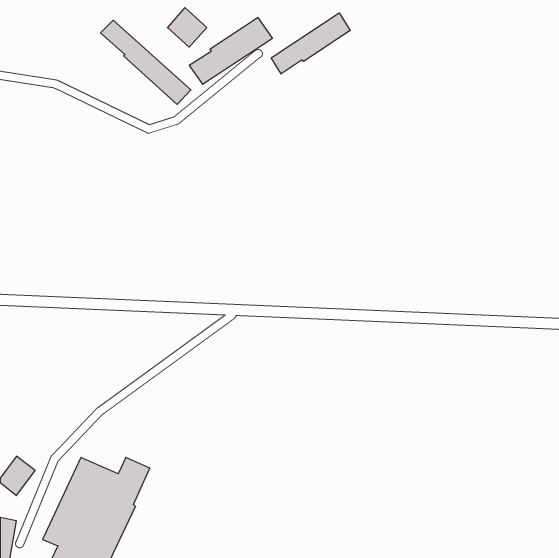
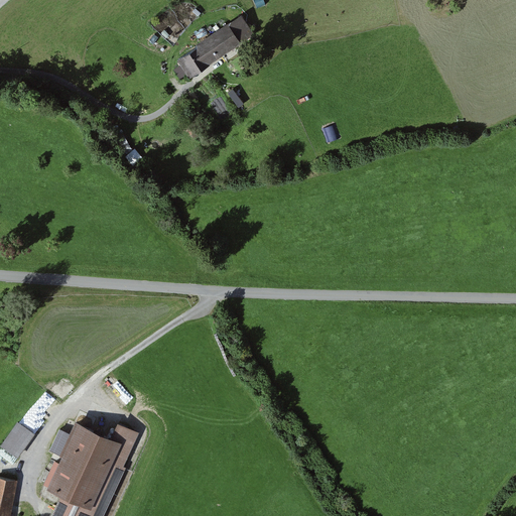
building: [271,13,350,74] -> none
building: [101,20,191,104] -> none

